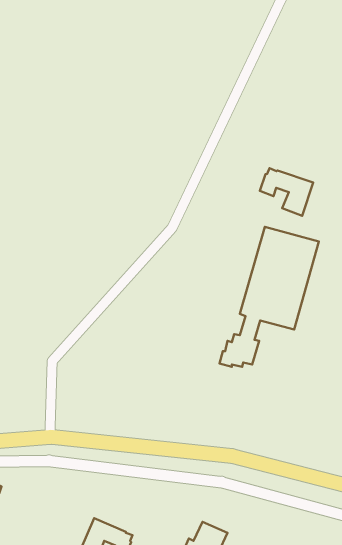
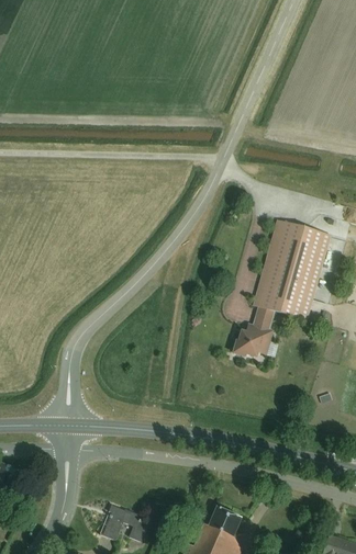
building: [260,168,313,216] -> none

